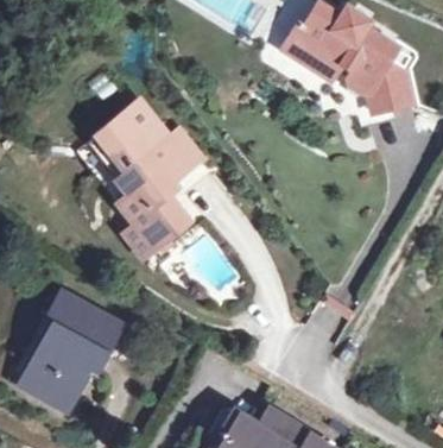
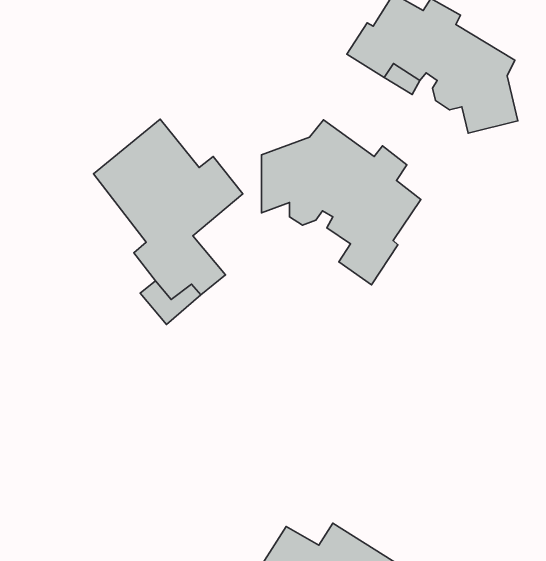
building: none -> [261,120,421,285]
building: [21,290,122,405] -> none

